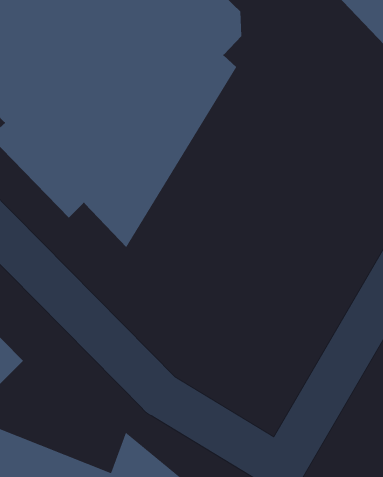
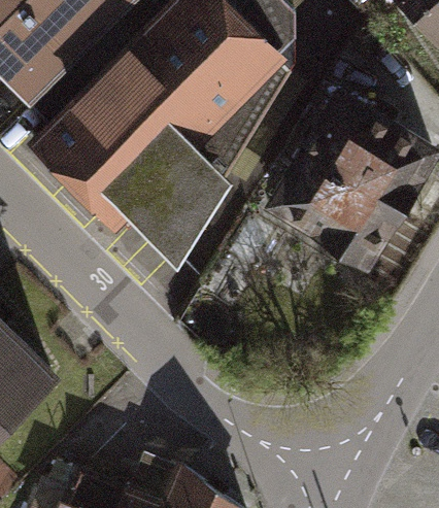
building: none -> [269,98,432,268]

